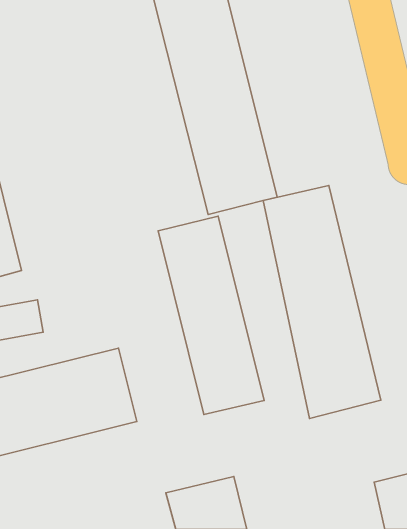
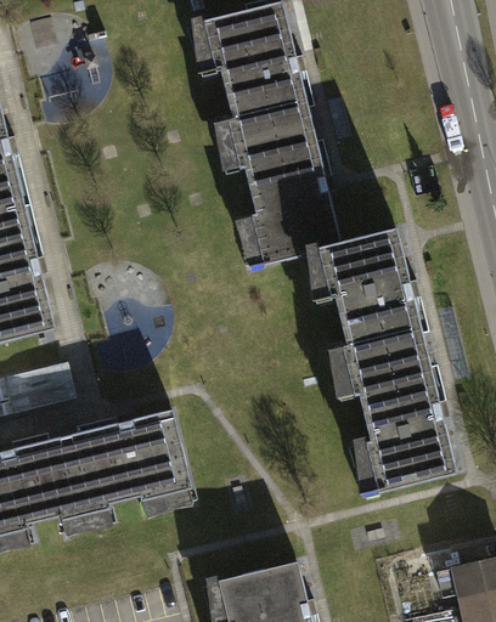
building: [158,216,264,414] -> none

